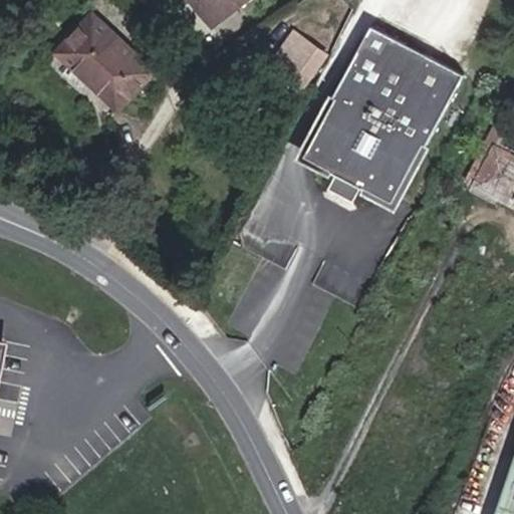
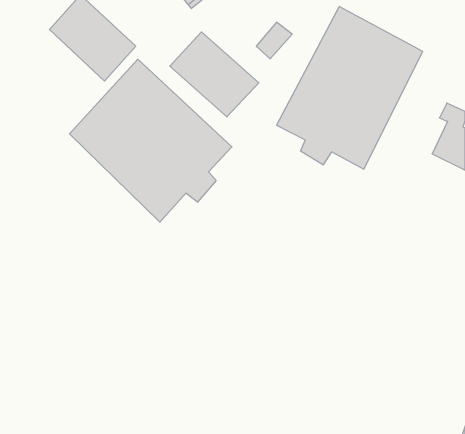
building: none -> [170,32,259,117]
building: none -> [69,59,232,222]

